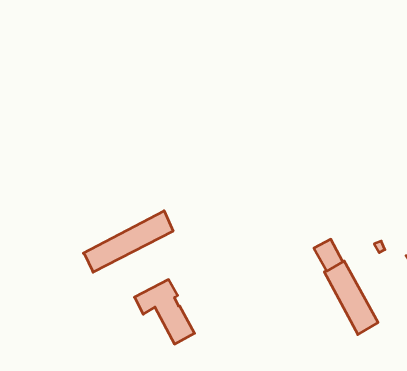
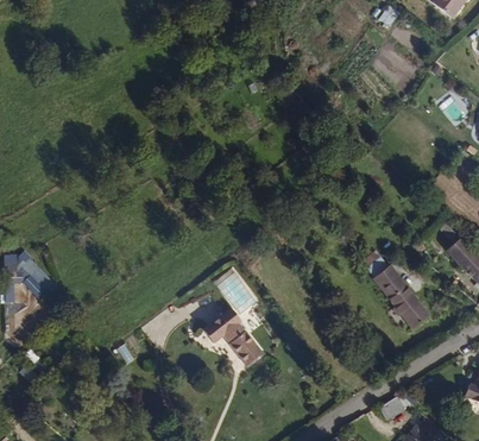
building: [83,211,173,272] -> none

